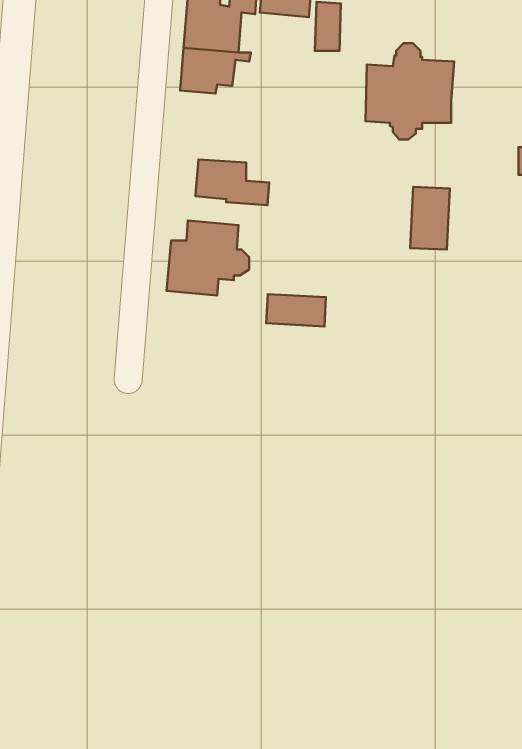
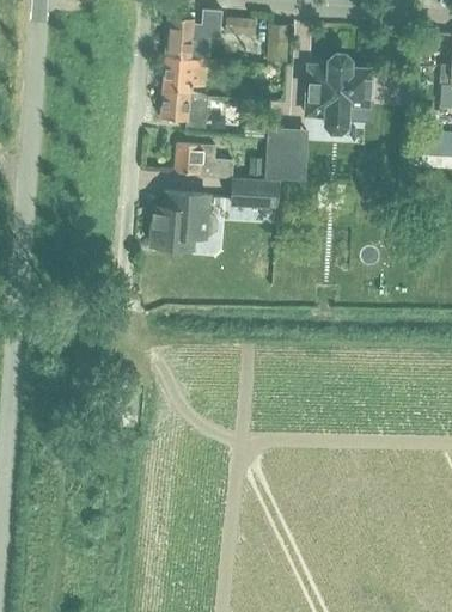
building: none -> [160,91,207,128]
building: [410,187,450,250] -> [267,129,298,178]
building: [266,294,326,326] -> [231,182,277,207]

